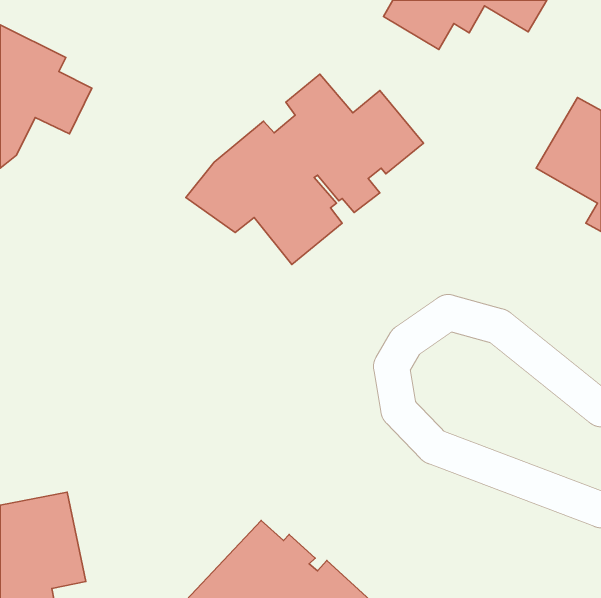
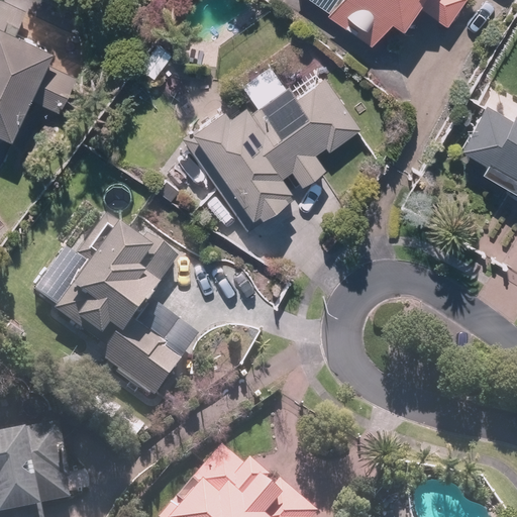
building: none -> [36,212,205,406]

